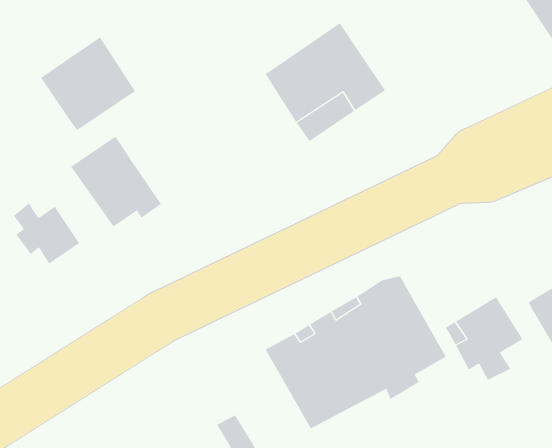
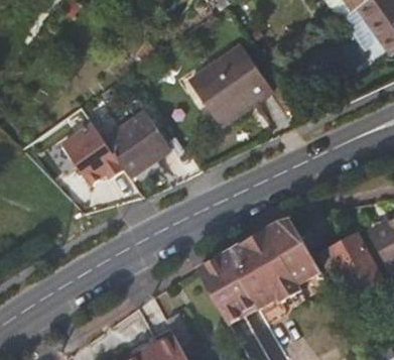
building: [40,37,136,131] -> [105,111,170,175]
building: [13,203,80,265] -> none

